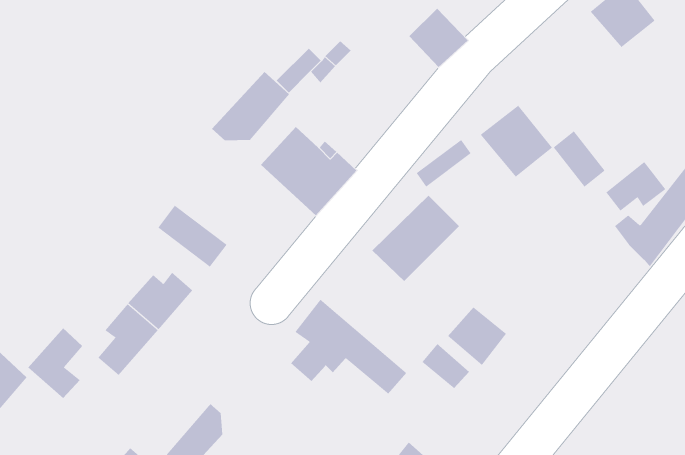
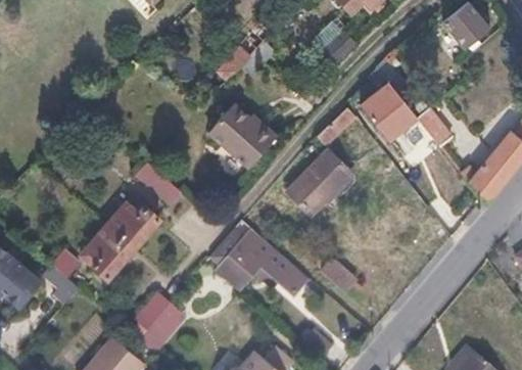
building: [211,71,290,141] -> none
building: [605,161,666,211] -> none
building: [447,307,507,366] -> none

